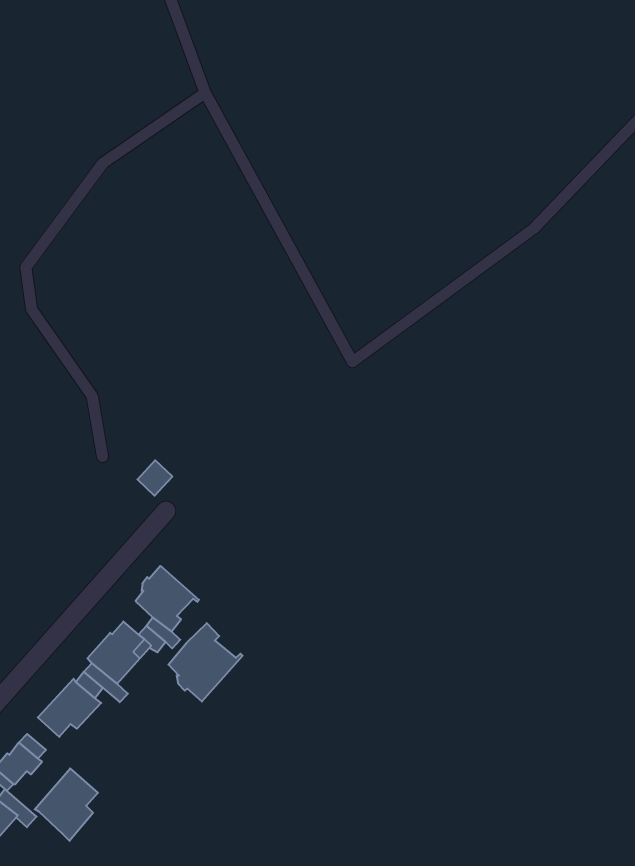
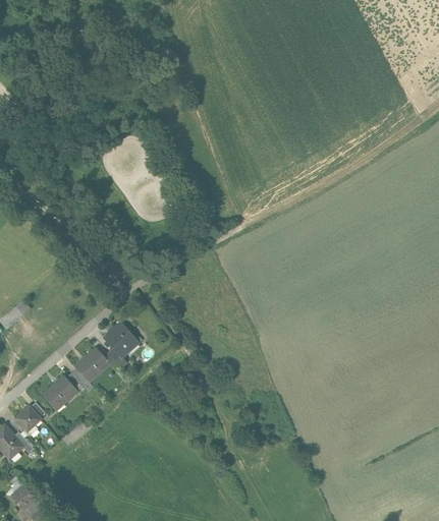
building: [168,623,243,702] -> none
building: [35,768,98,841] -> none

